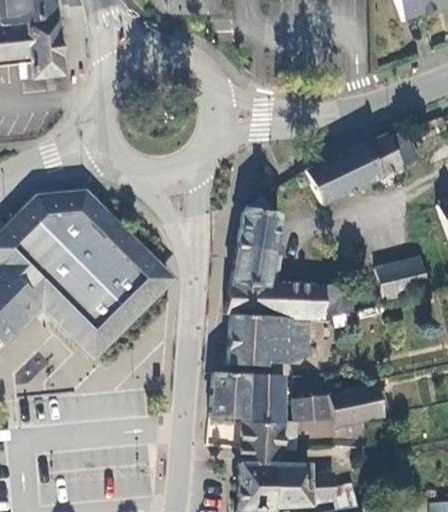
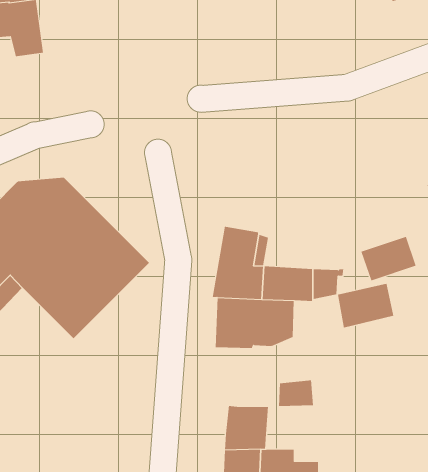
building: [307,129,422,204] -> none
building: [239,196,279,251] -> none
building: [213,374,283,422] -> none
building: [329,384,385,428] -> [337,283,394,328]

